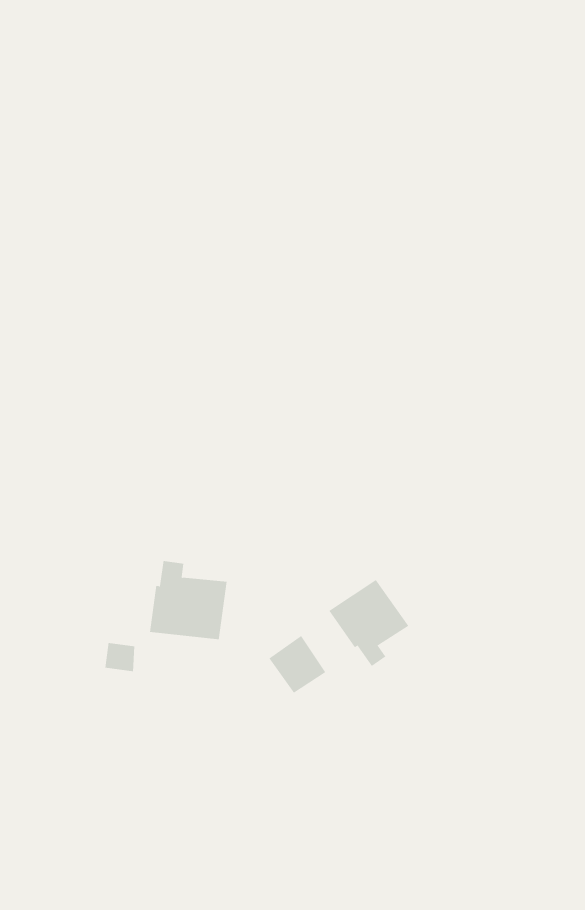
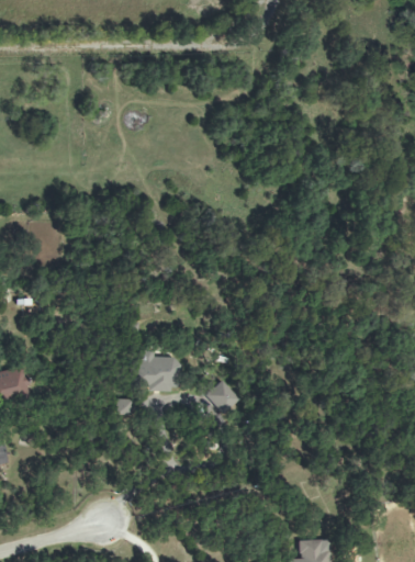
building: [328,579,409,667] -> none

